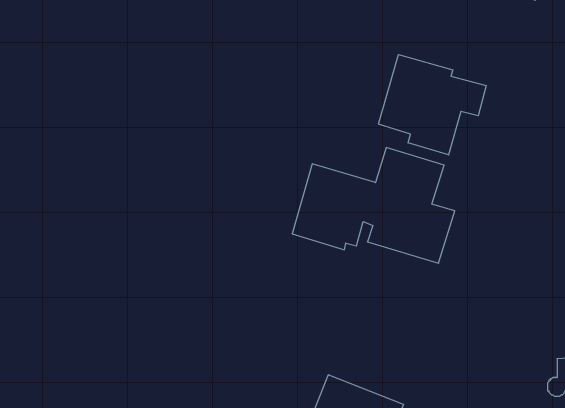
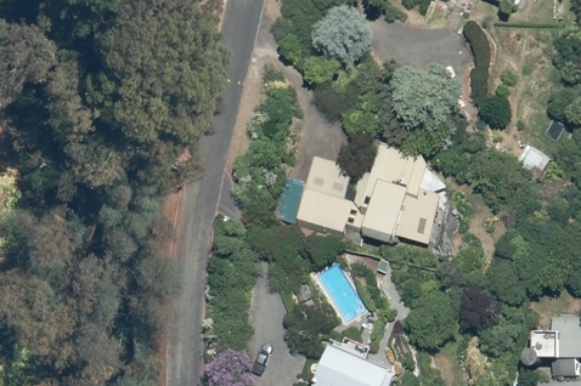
building: [378,55,486,155] -> none

